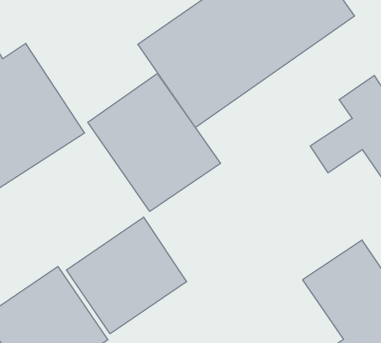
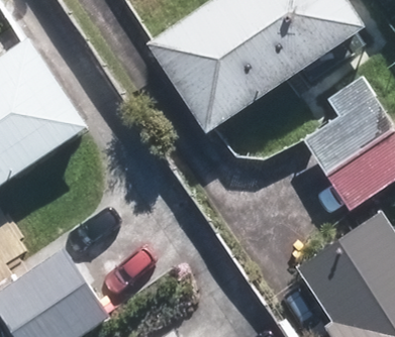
building: [88,74,220,211] -> none
building: [67,217,187,334] -> none

